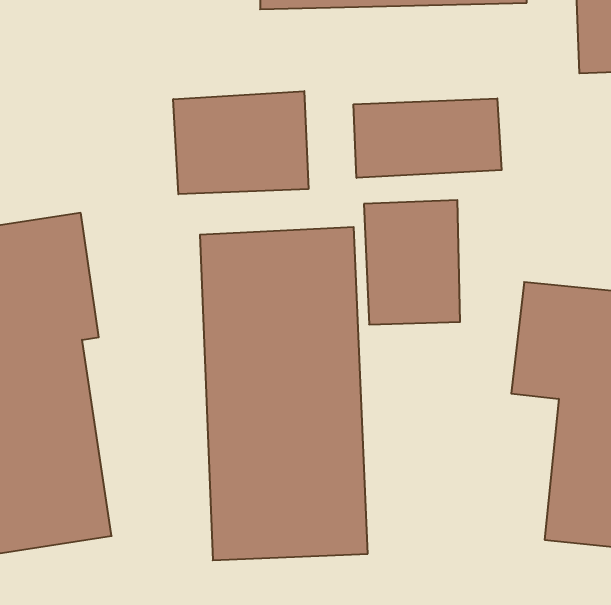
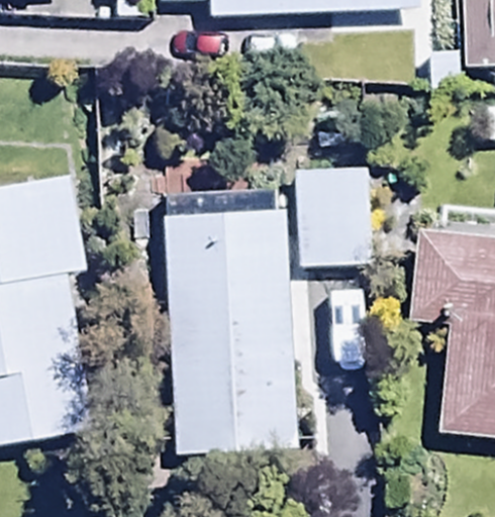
building: [173,91,308,194] -> none
building: [354,98,502,178] -> none

